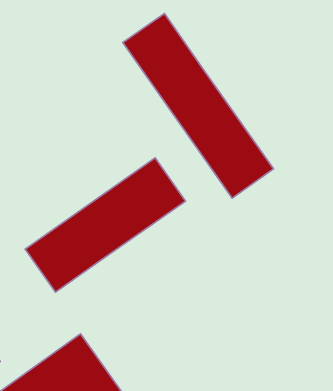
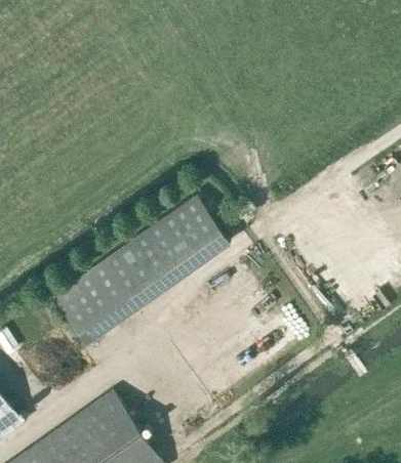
building: [123,13,274,198] -> none

